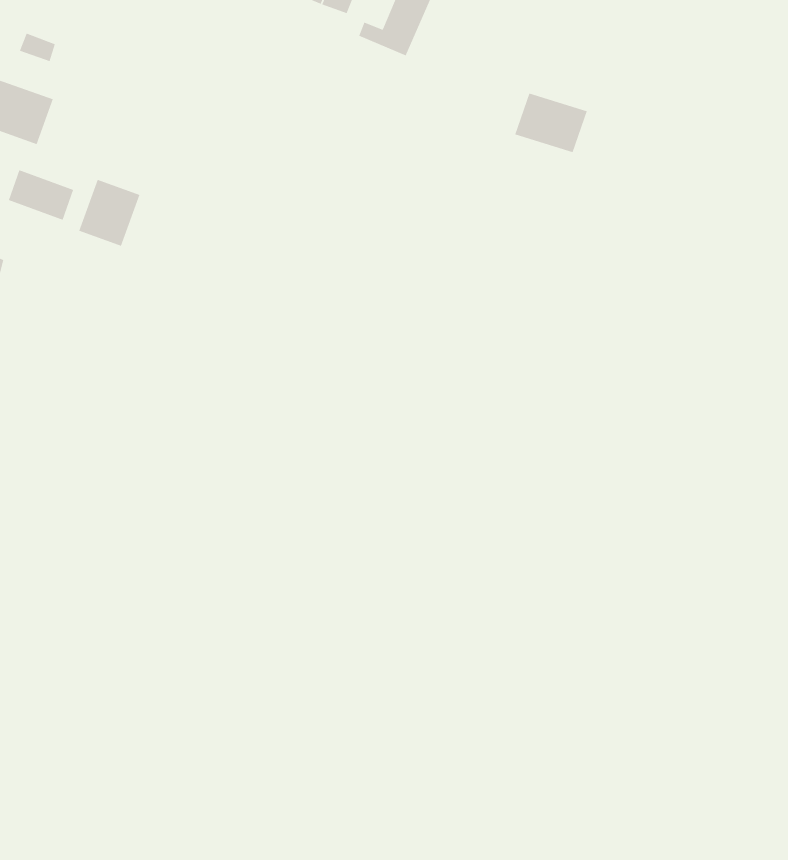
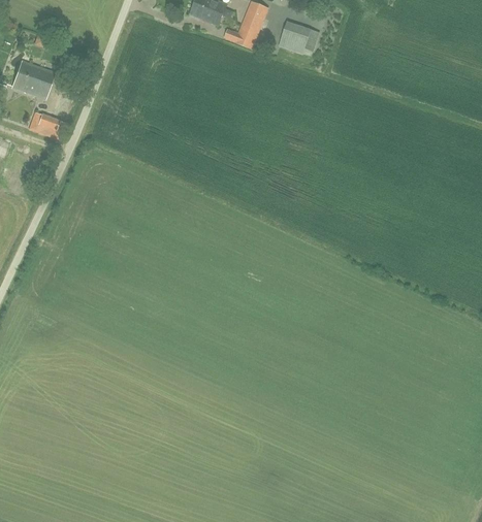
building: [514,92,588,153] -> [278,22,319,56]
building: [78,179,140,247] -> none

